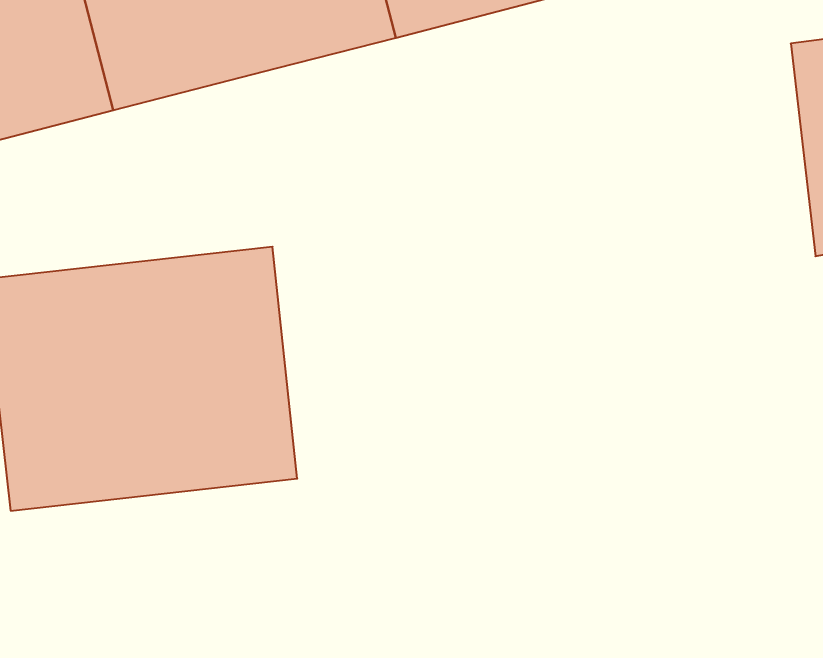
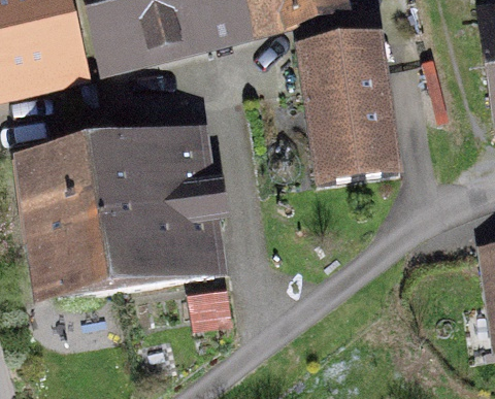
building: none -> [295,30,401,185]

